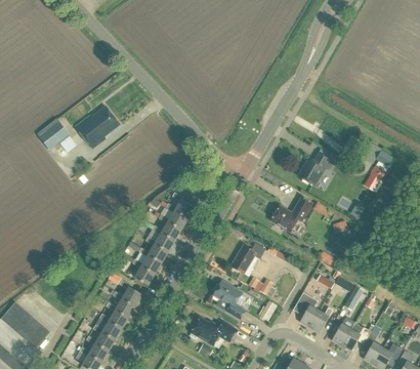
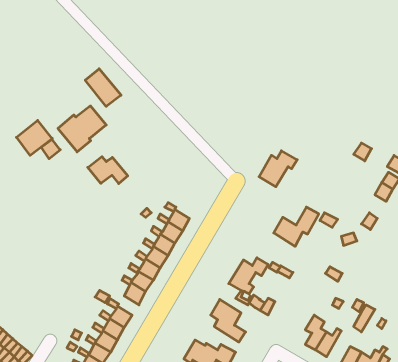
building: none -> [85,69,121,106]
building: none -> [88,157,128,184]
building: [298,152,333,184] -> [259,151,297,187]

